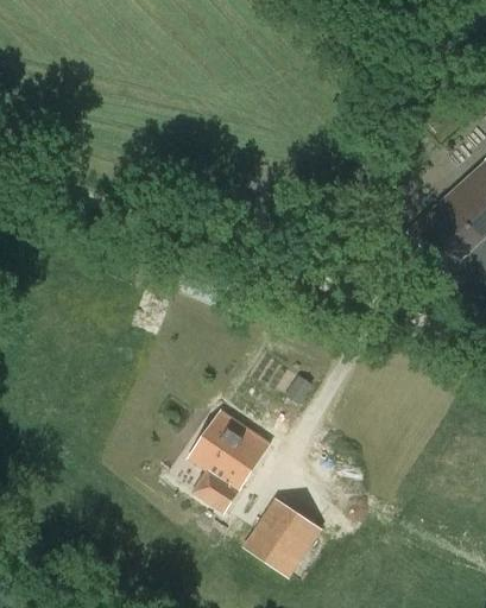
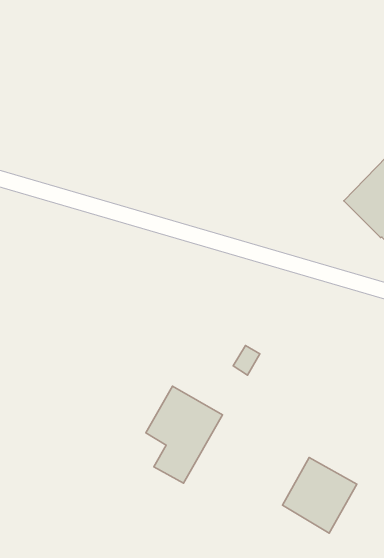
building: [242,496,321,576] -> [282,458,357,533]

